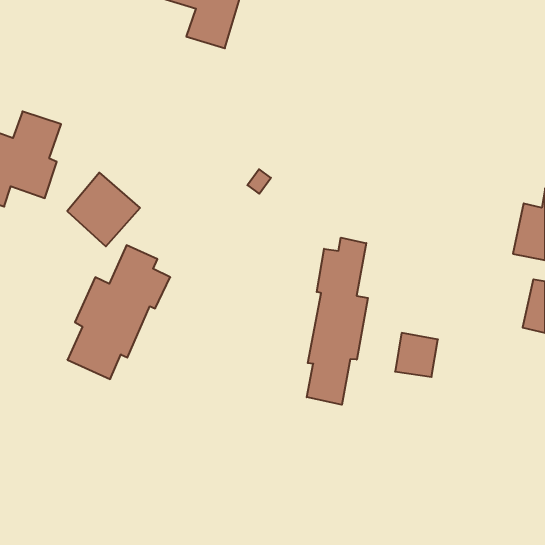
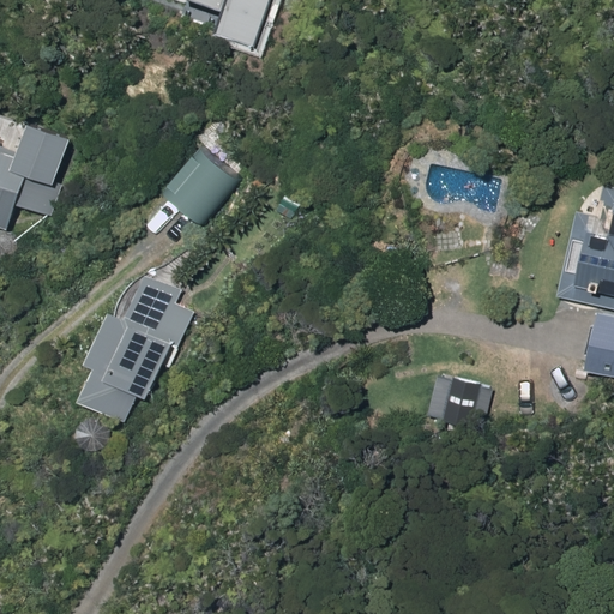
building: [67,173,140,246] -> [159,143,241,225]
building: [307,238,368,405] -> none

